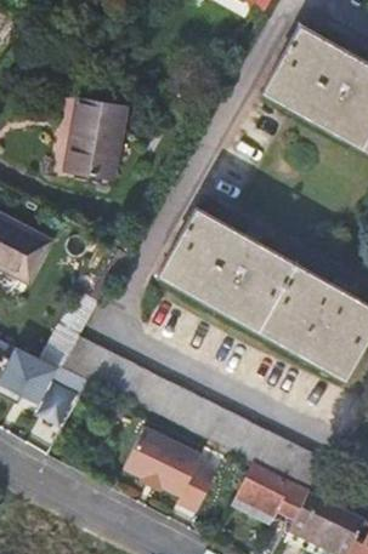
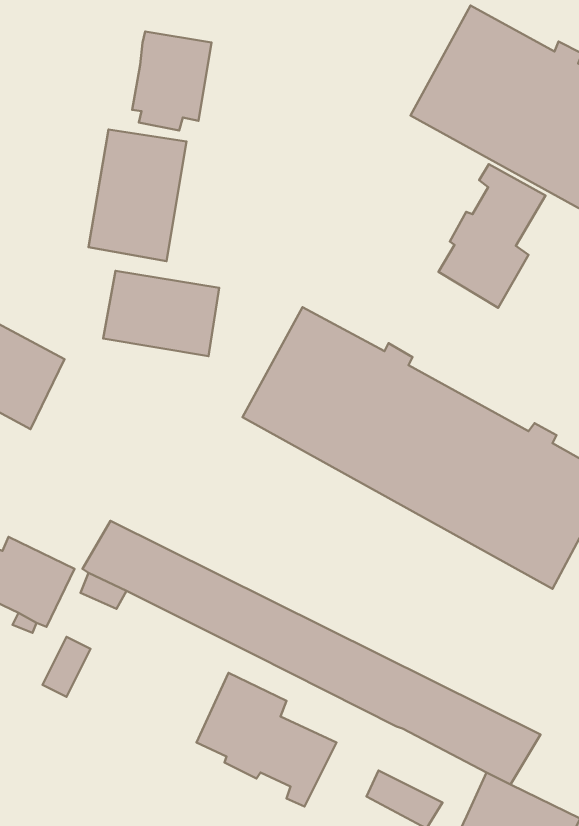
building: none -> [132,31,212,131]
building: none -> [438,164,546,308]
building: none -> [103,271,219,356]
building: [240,463,306,516] -> none

